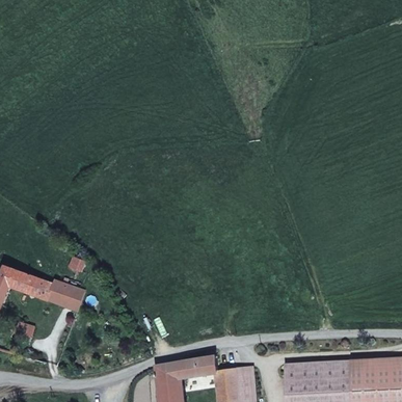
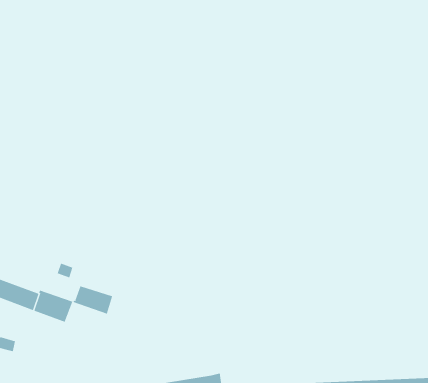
building: none -> [73,285,113,314]

